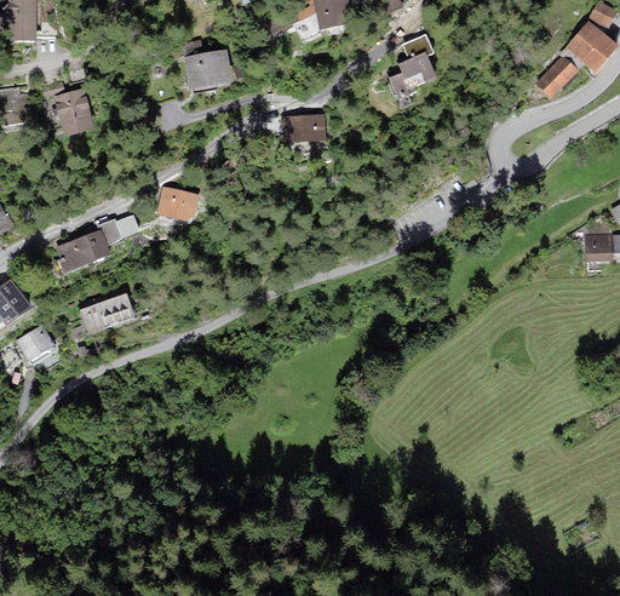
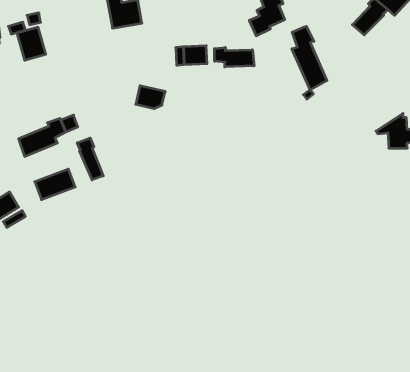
building: none -> [292,26,327,90]
building: none -> [214,47,254,67]
building: [157,188,200,220] -> [136,86,165,109]
building: none -> [77,138,103,180]

